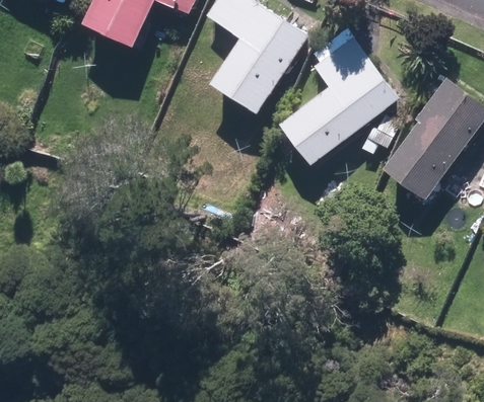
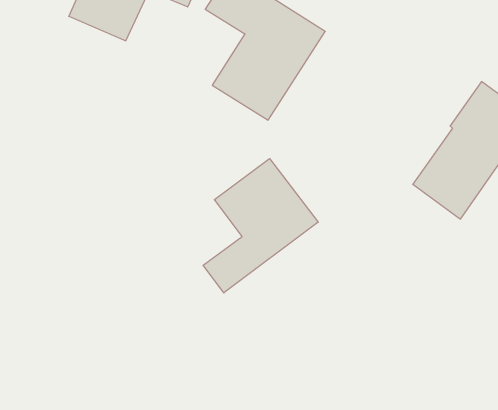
building: [283,28,398,162] -> none
building: none -> [203,159,318,293]

